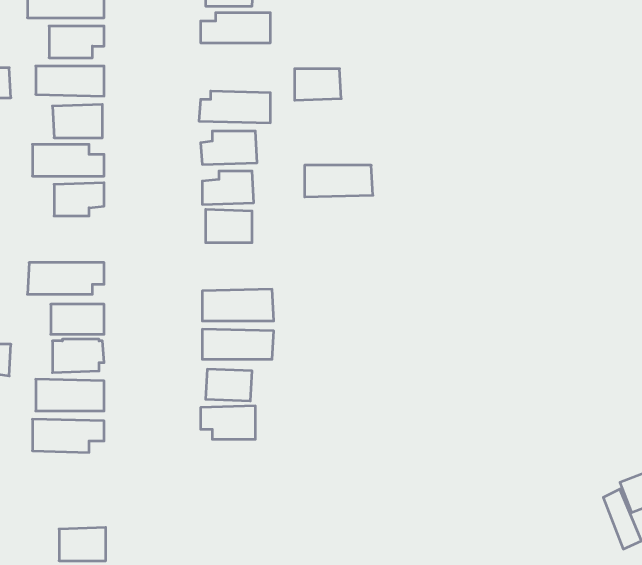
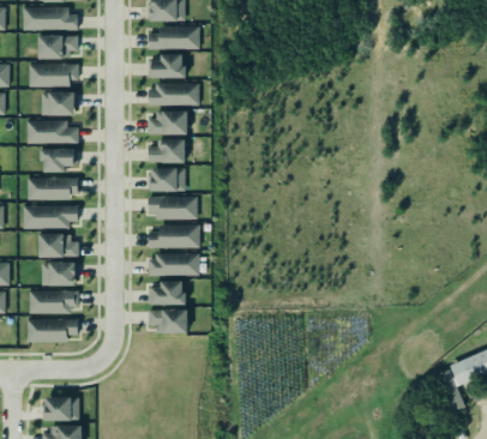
building: [295,69,341,100] -> [151,56,185,79]
building: [305,165,373,197] -> [149,197,198,220]
building: none -> [28,179,78,199]

